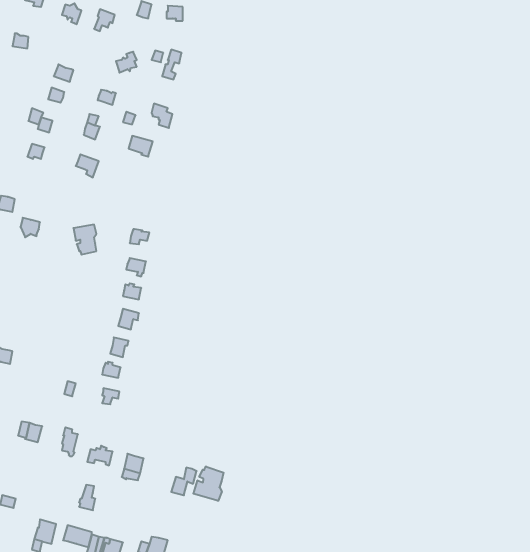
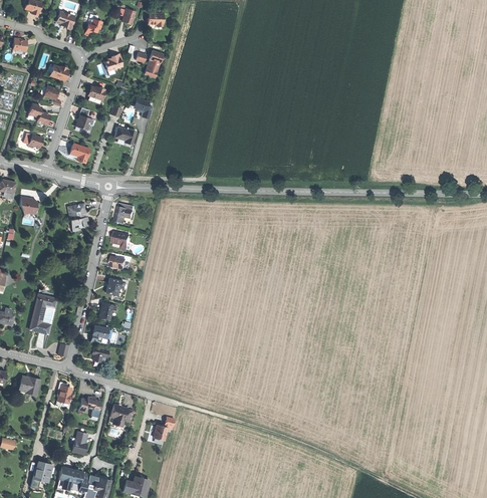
building: none -> [30,288,57,333]
building: [193,466,224,501] -> none

